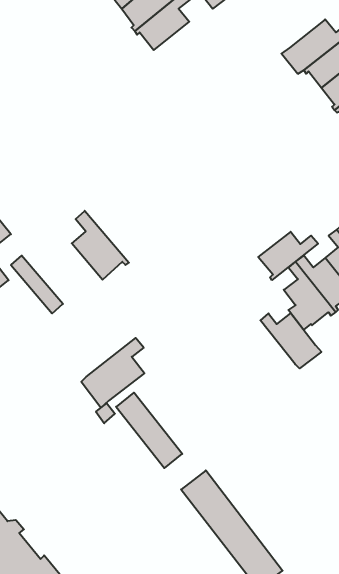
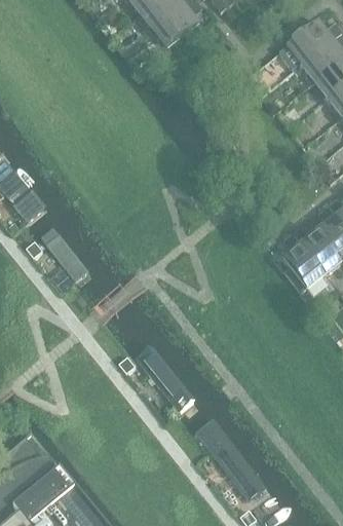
building: [72,211,129,280] -> none
building: [258,232,318,280] -> none
building: [260,313,321,368] -> none
building: [81,338,144,408] -> none

